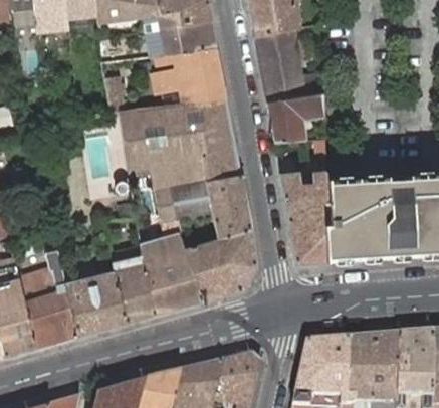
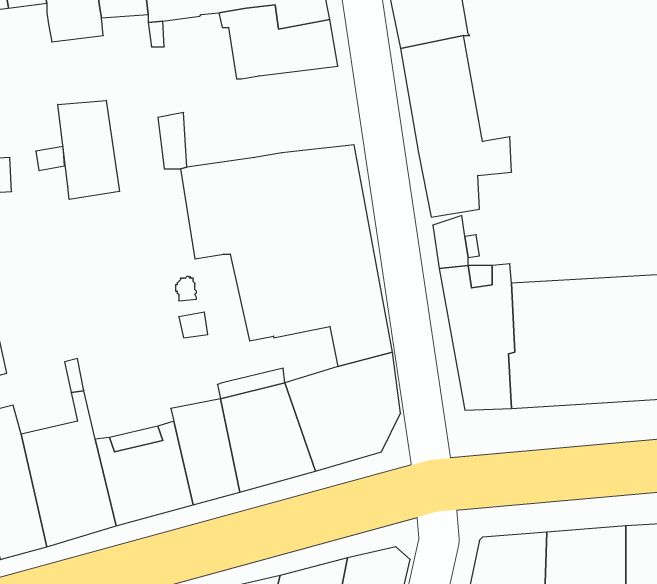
building: [153,48,227,106] -> none
building: none -> [58,100,120,199]

